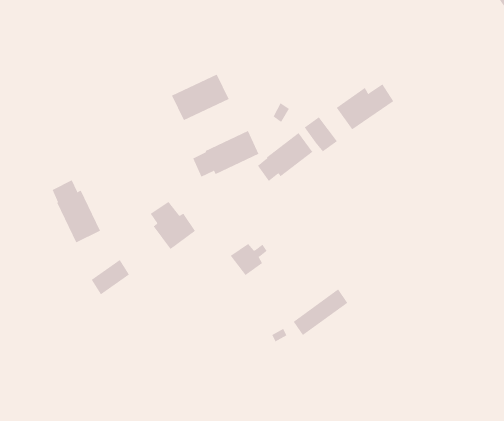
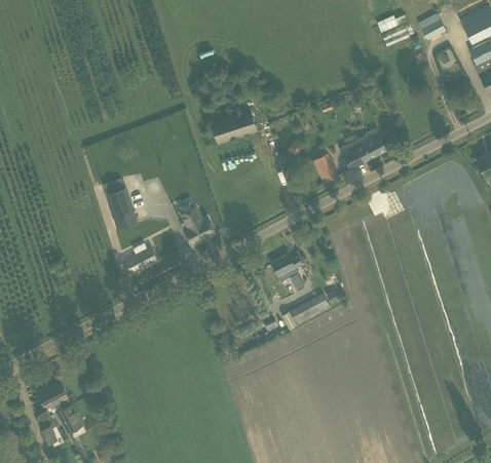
building: [193,130,259,178] -> none
building: [257,132,313,182] -> none
building: [230,243,267,276] -> [271,254,302,279]

